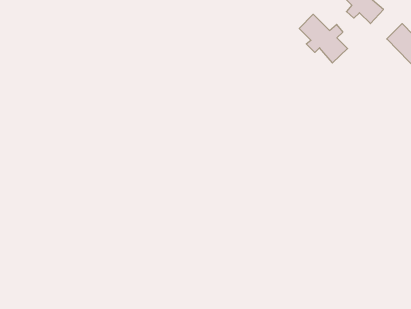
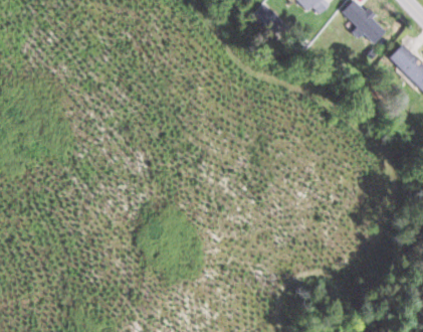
building: [299,14,348,63] -> none

